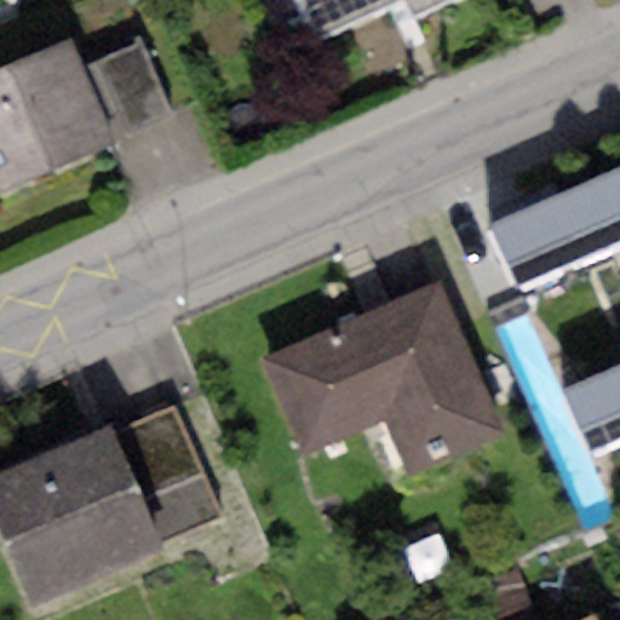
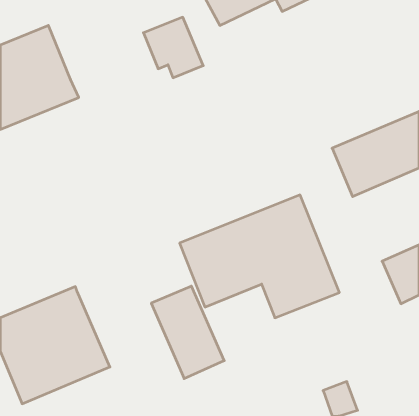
building: [82,41,171,131] -> [143,17,203,78]
building: [114,406,222,542] -> [151,286,224,379]

